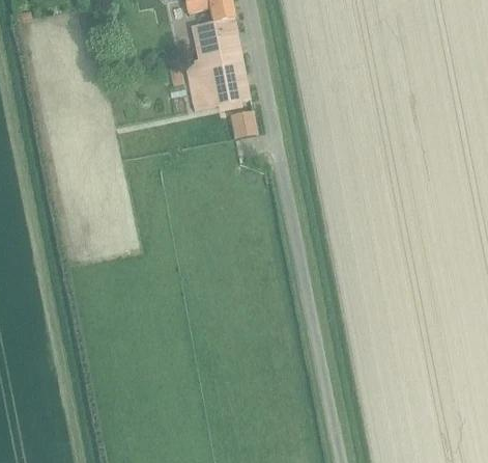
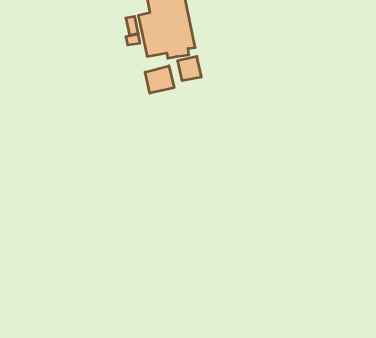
building: none -> [145,66,174,93]

